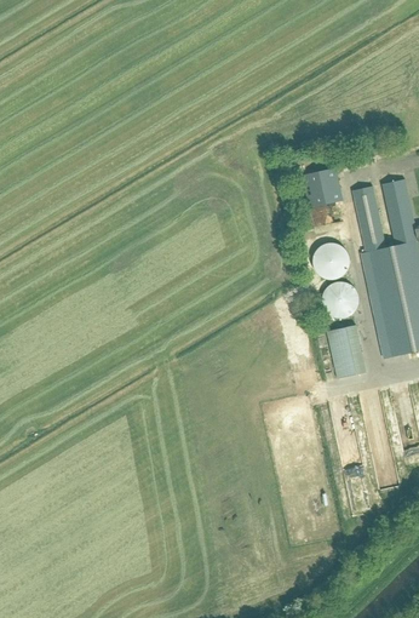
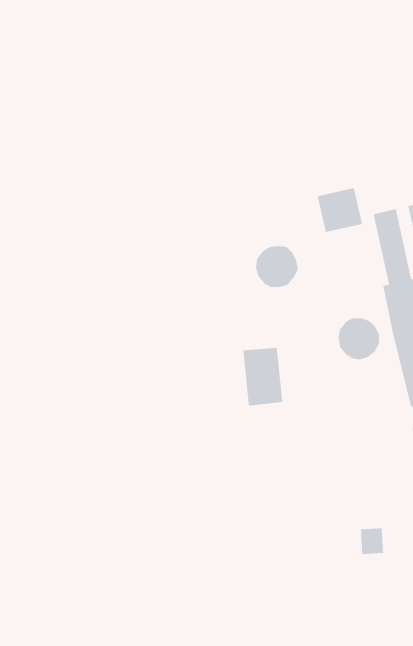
building: [312,242,350,279] -> [255,246,298,288]
building: [326,328,361,379] -> [243,347,283,406]

